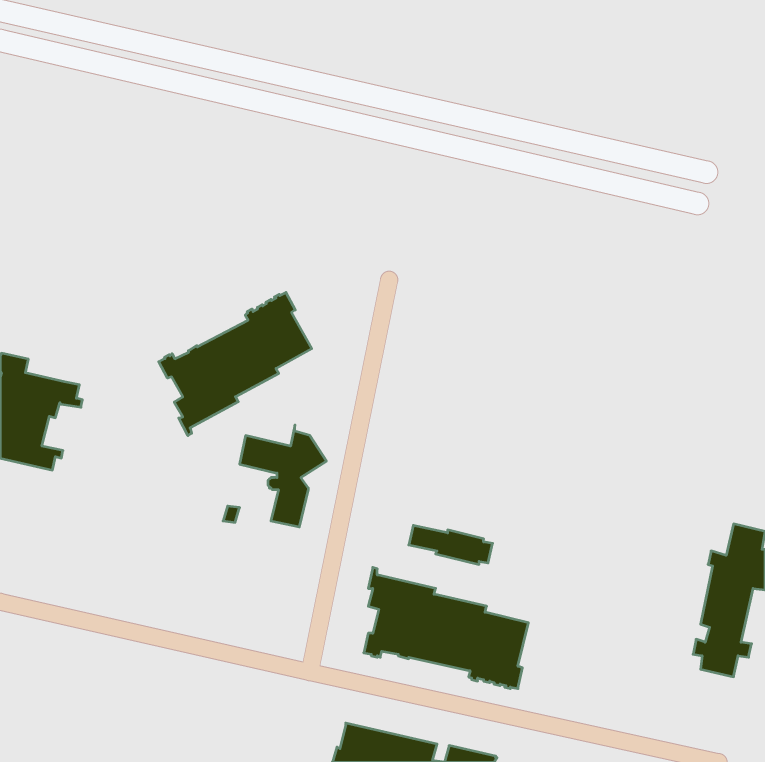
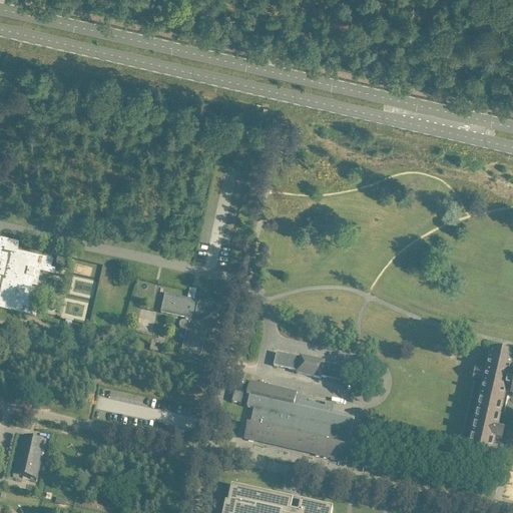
building: [159,292,312,436] -> none
building: none -> [13,434,44,478]

